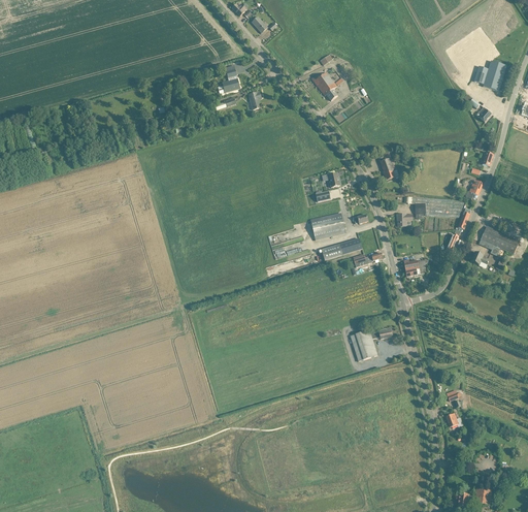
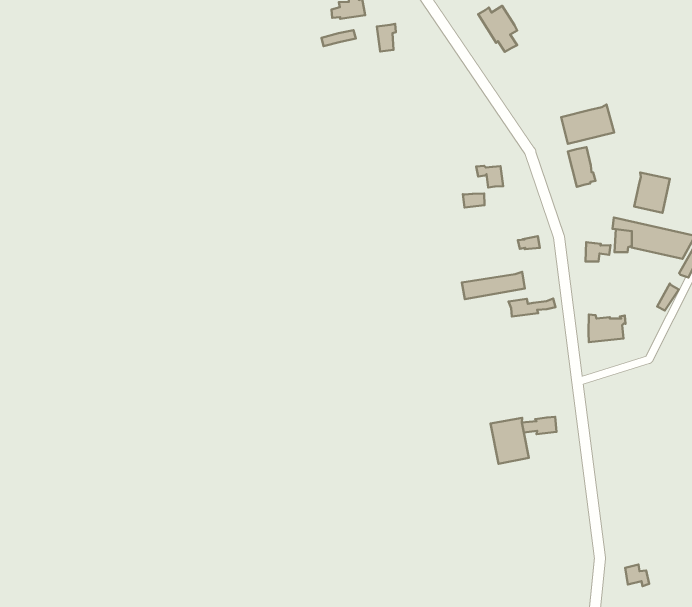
building: none -> [561,104,614,144]
building: none -> [634,173,670,213]
building: [309,213,344,239] -> none

